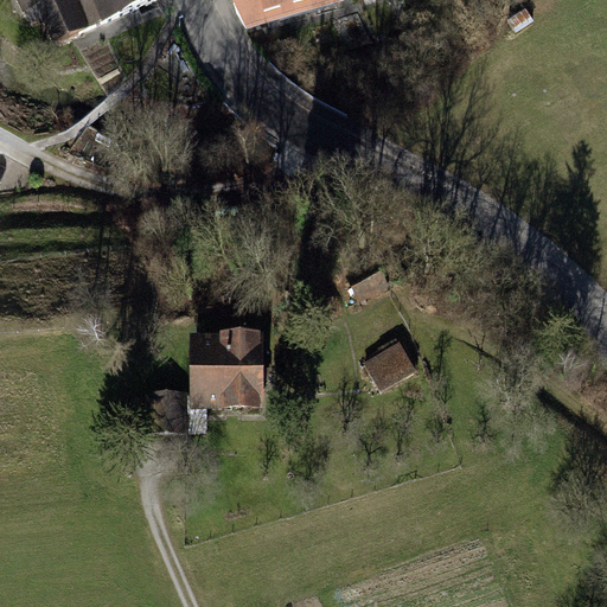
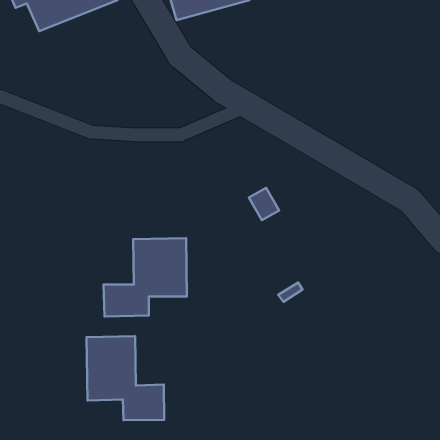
building: [365,334,422,386] -> none
building: none -> [86,336,164,420]

